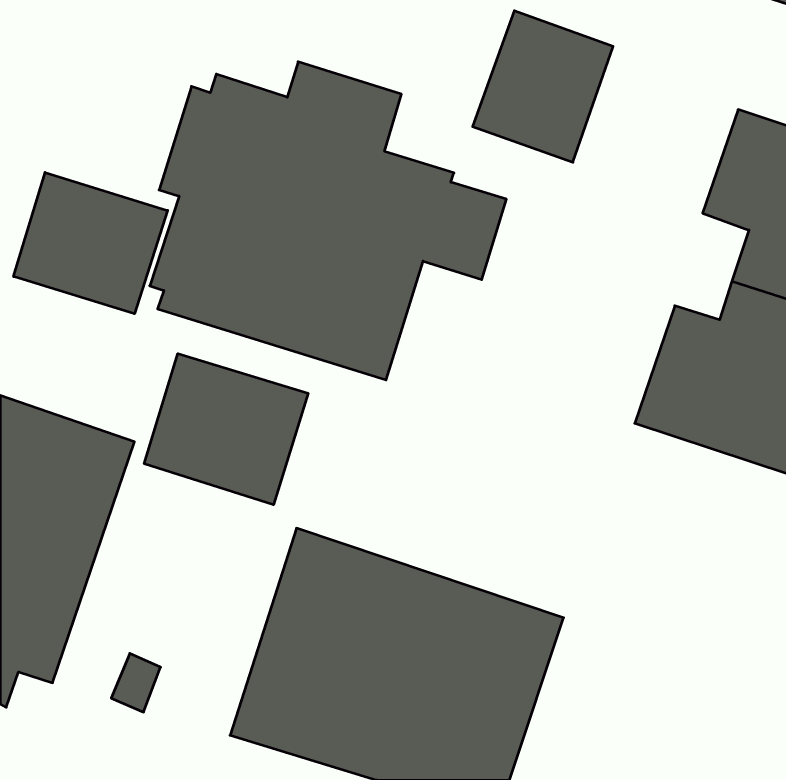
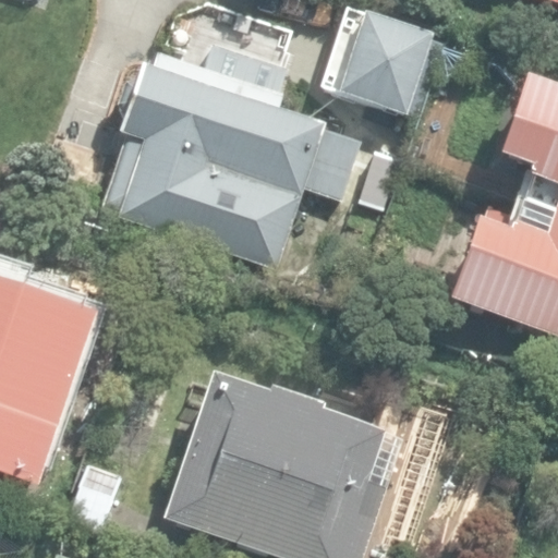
building: [14,172,168,314] -> none
building: [144,354,308,505] -> none

